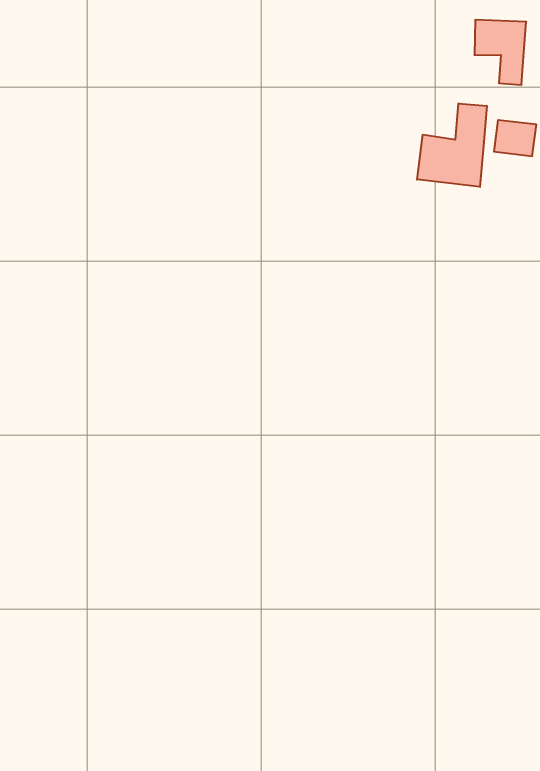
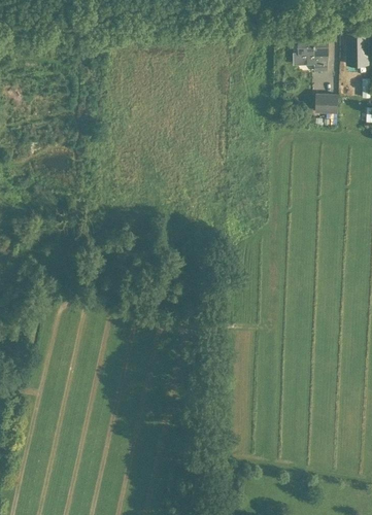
building: [417,103,487,187] -> none

